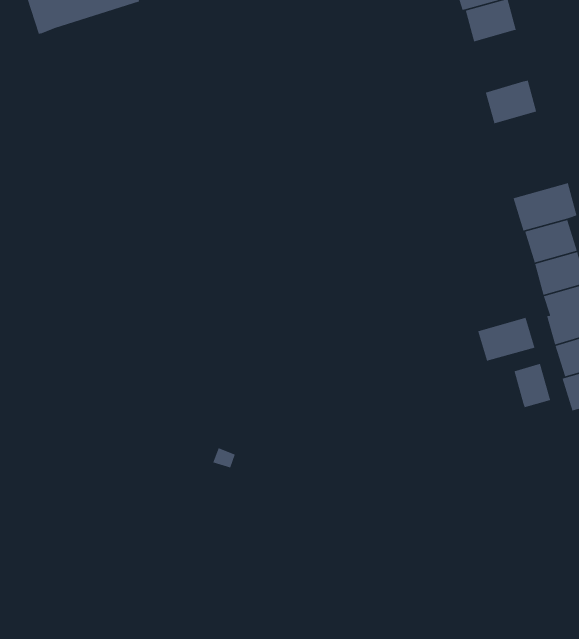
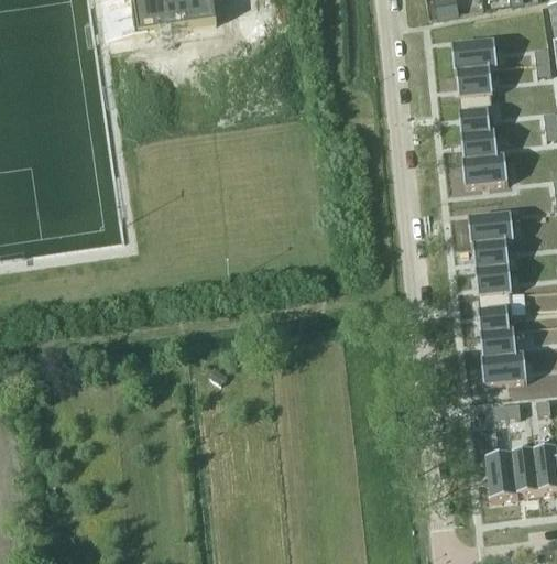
building: none -> [459,90,493,132]
building: none -> [462,153,509,184]
building: [477,317,535,362] -> none
building: [513,361,554,409] -> none

